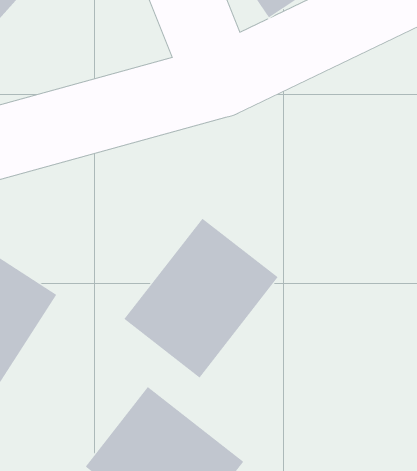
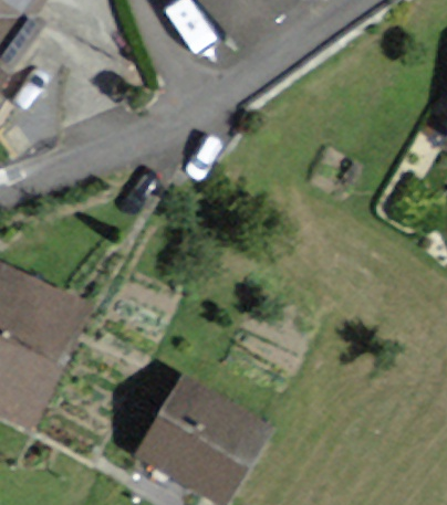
building: [124,218,279,378] -> none

